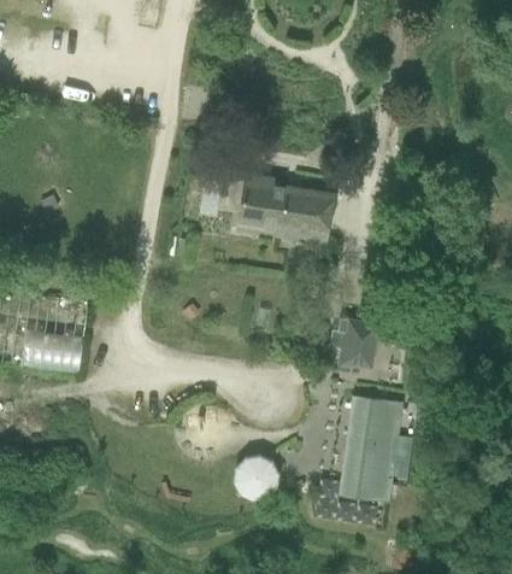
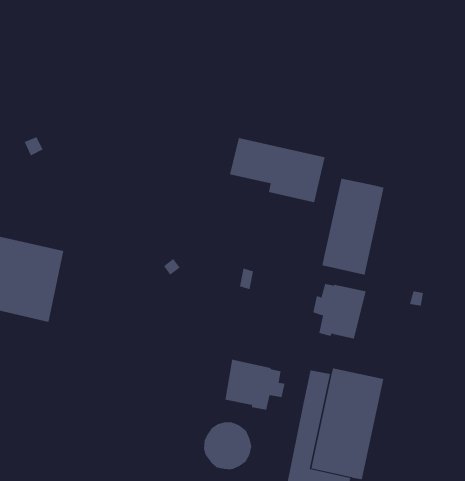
building: none -> [322,178,384,275]
building: none -> [225,359,285,410]

